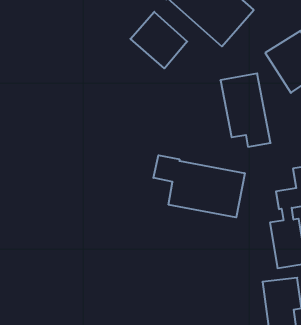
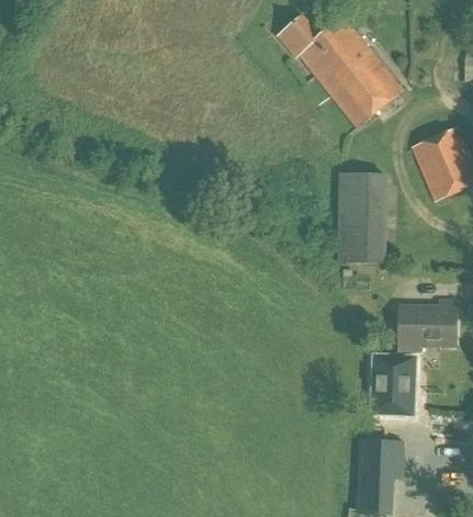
building: [130,12,187,68] -> none
building: [153,155,245,217] -> none

